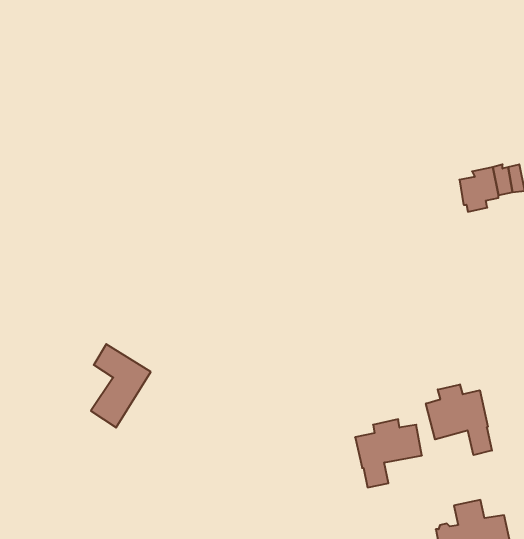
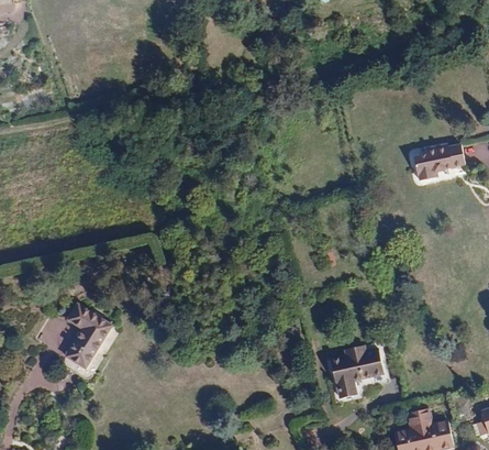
building: [91,344,151,428] -> [65,304,112,370]
building: [426,384,492,455] -> none

